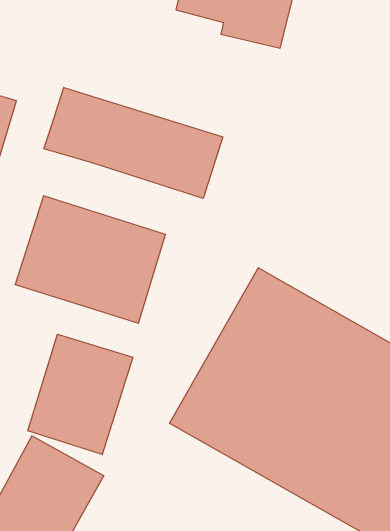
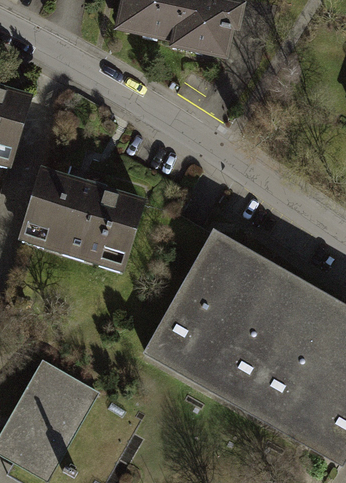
building: [44,87,223,198] -> none
building: [28,334,133,455] -> none

